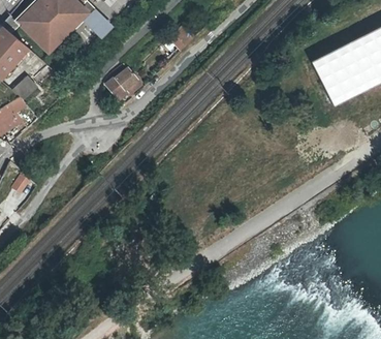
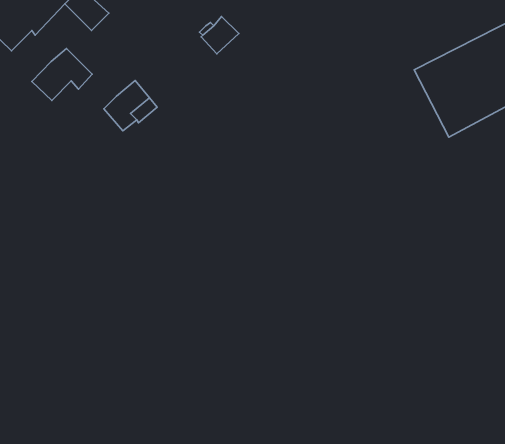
building: none -> [32,49,92,101]

